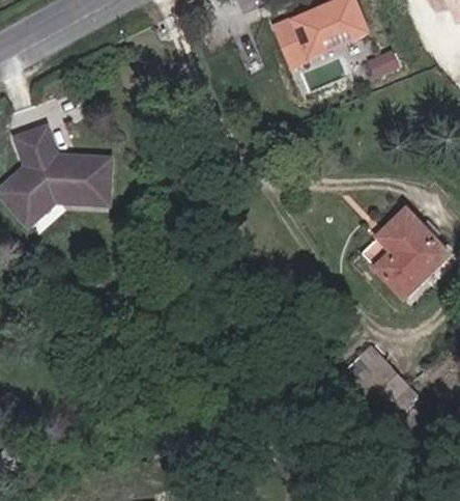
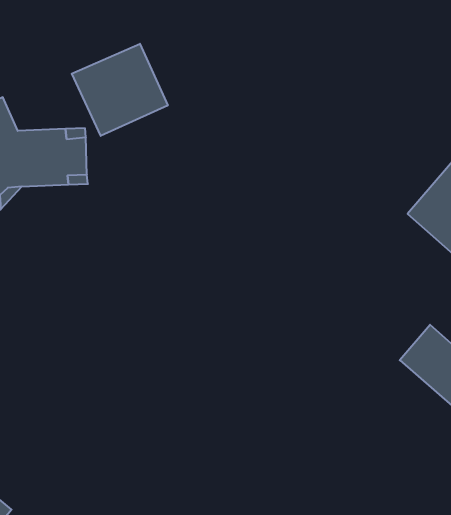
building: none -> [72,44,168,136]

